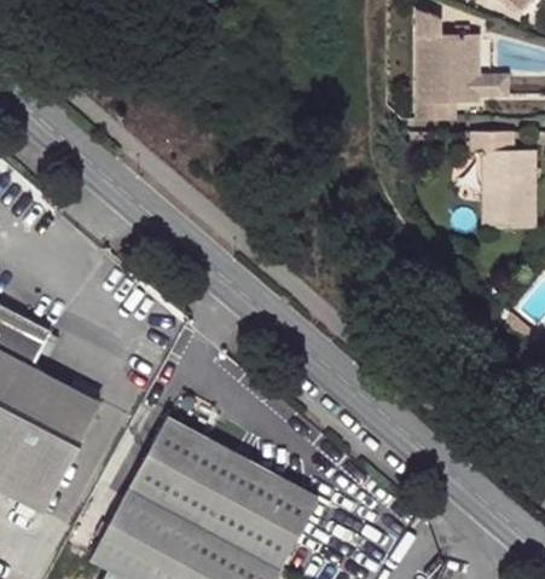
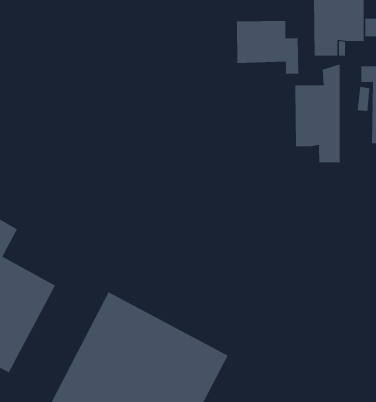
building: none -> [236,20,299,75]
building: none -> [295,63,340,163]

